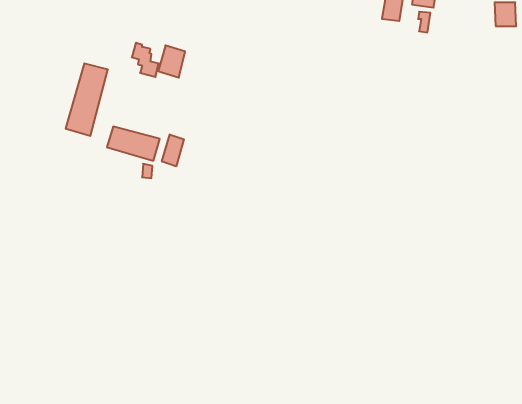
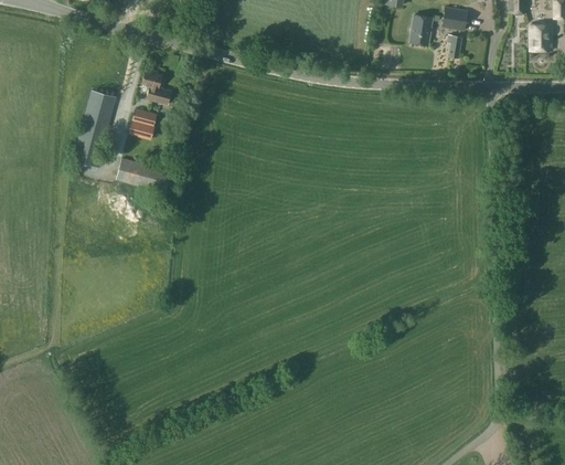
building: [158,45,185,78] -> [128,107,157,141]
building: [162,134,184,166] -> none

